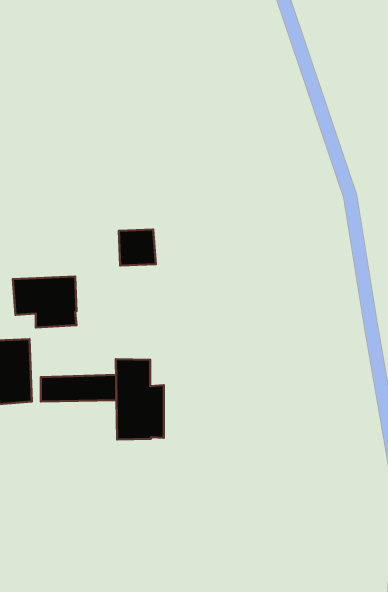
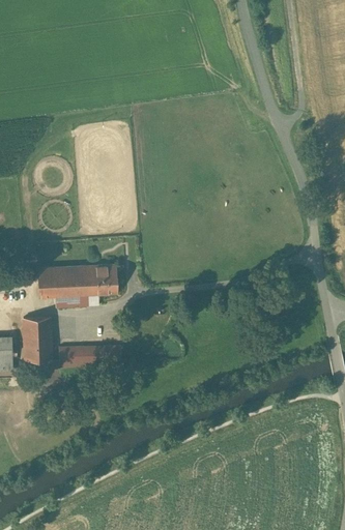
building: [119,230,156,265] -> [87,265,117,294]
building: [116,359,164,440] -> none

